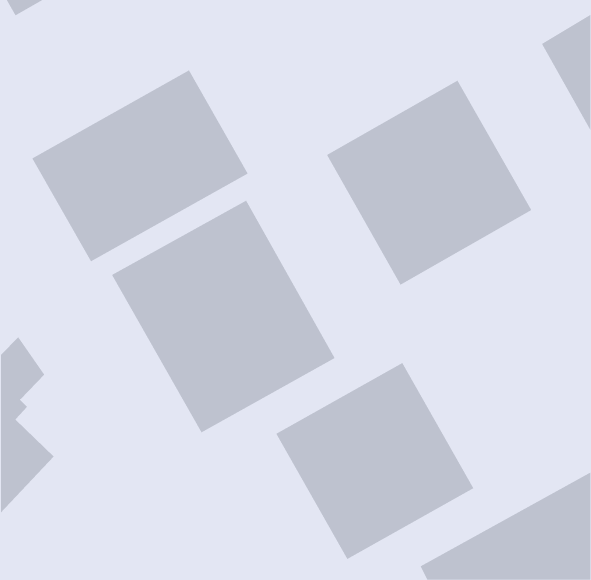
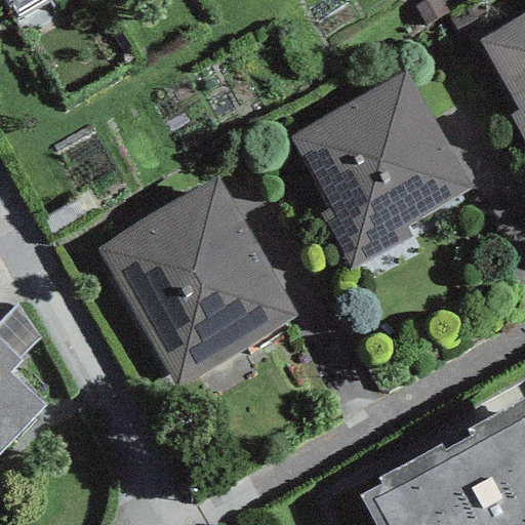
building: [32,70,248,262] -> none
building: [276,362,474,560] -> none

